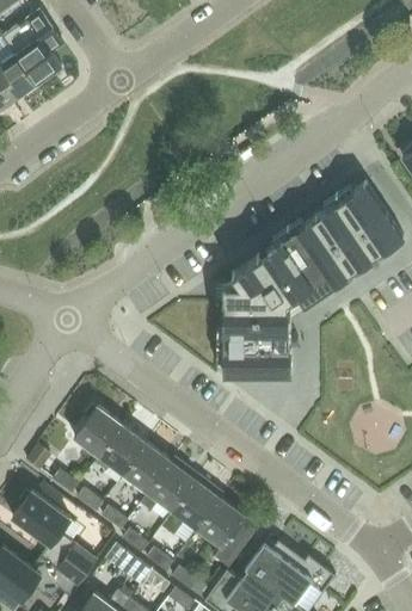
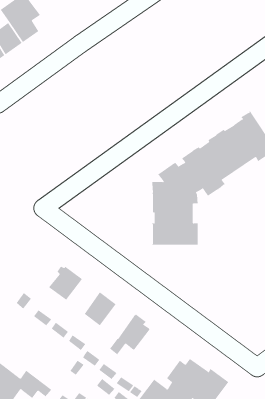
building: [94,426,147,476] -> none
building: [141,458,196,512] -> none
building: [12,492,96,586] -> none
building: [197,499,250,568] -> none

